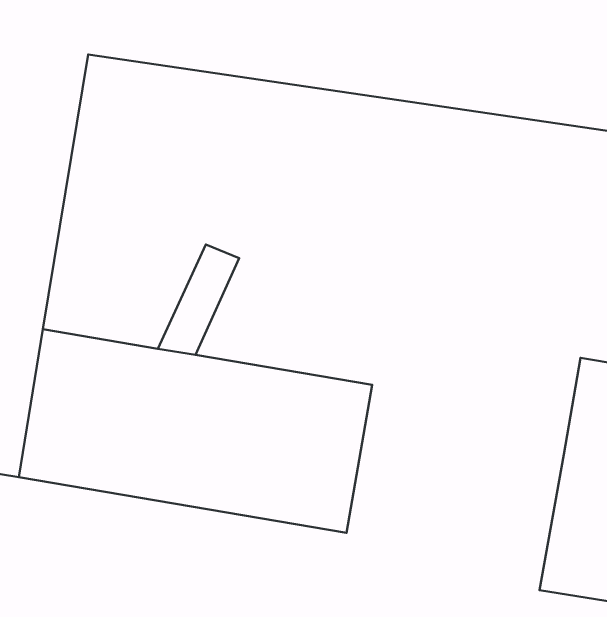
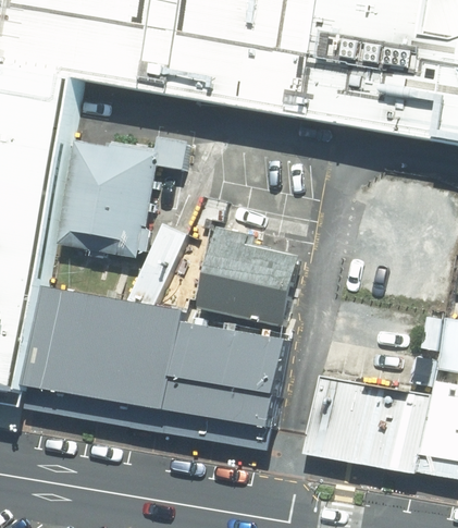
building: none -> [62,137,195,262]
building: none -> [195,218,302,326]
building: none -> [304,357,425,474]

